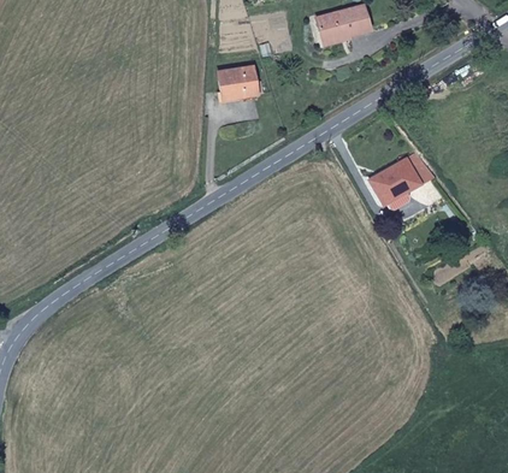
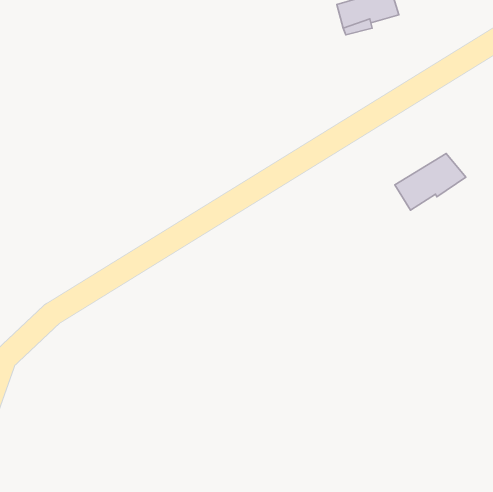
building: [214,69,261,102] -> none

